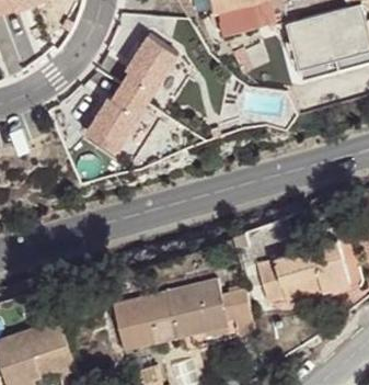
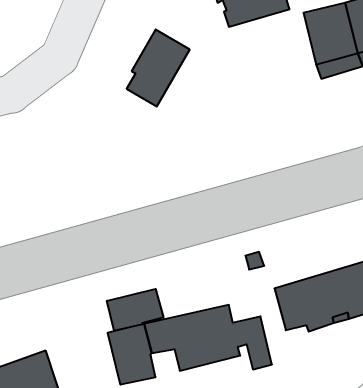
building: [96,92,154,157] -> none
building: none -> [107,289,163,331]

